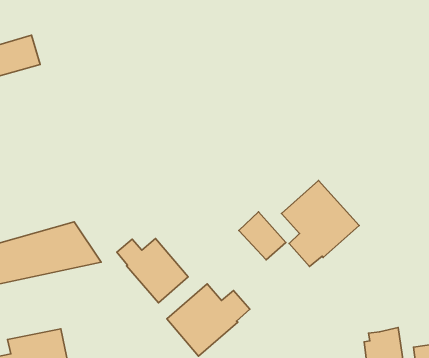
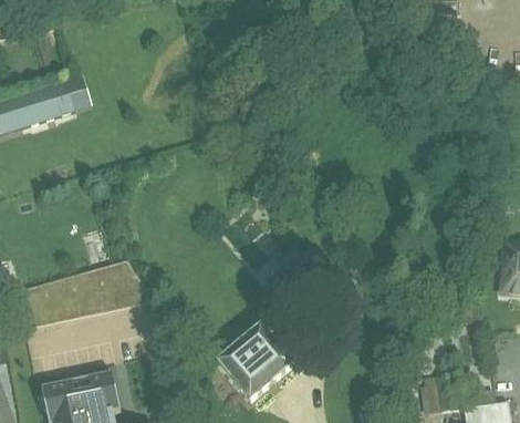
building: [282,180,359,267] -> none
building: [117,239,188,303] -> none

